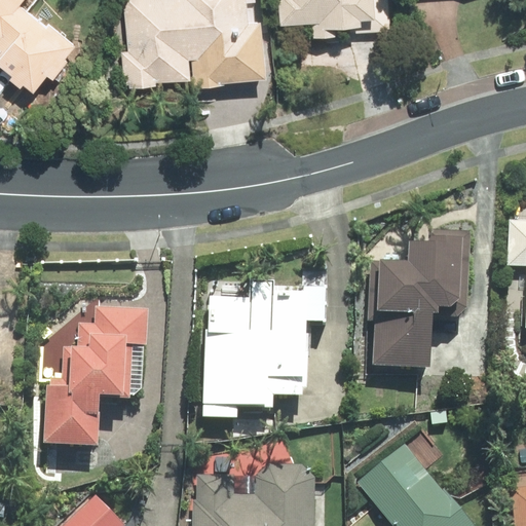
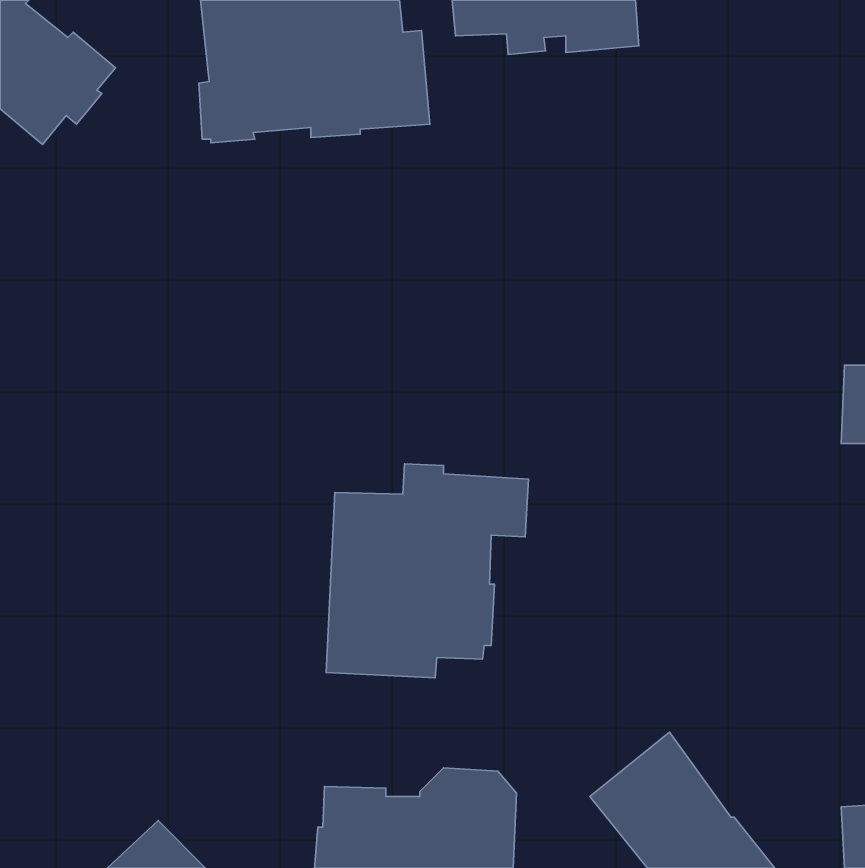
building: [370,230,472,371] -> none
building: [43,307,150,448] -> none

